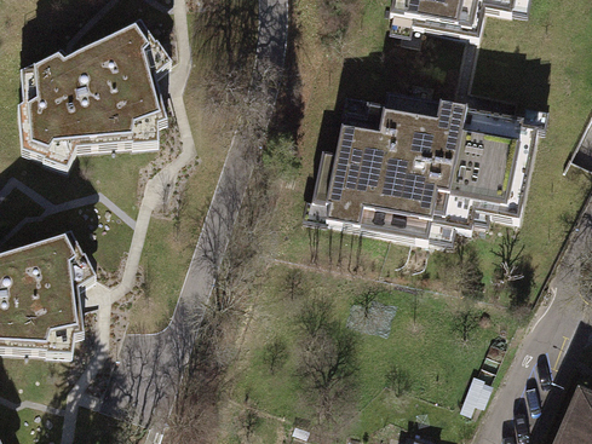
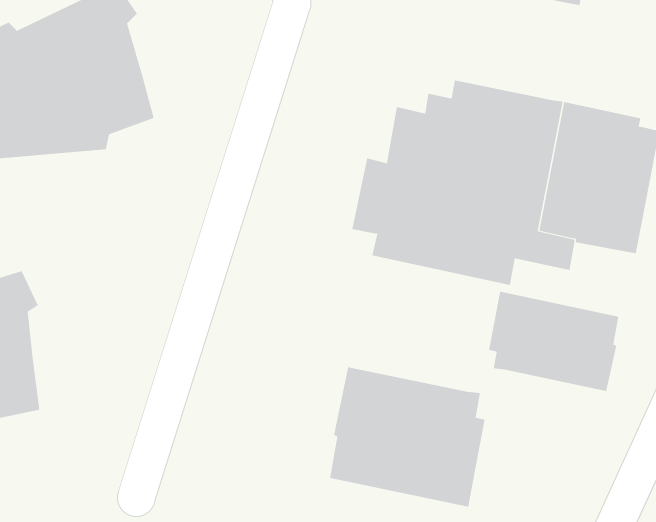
building: none -> [488,291,619,392]
building: none -> [330,367,485,507]

